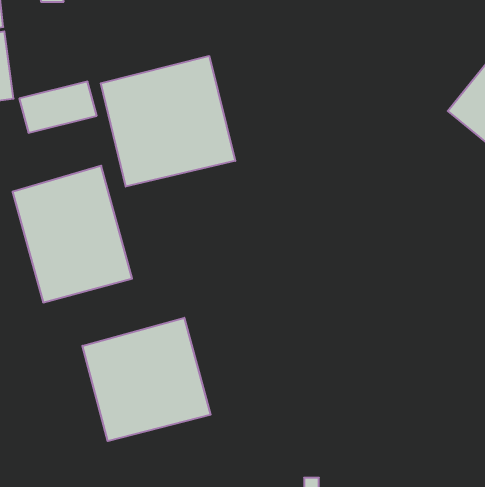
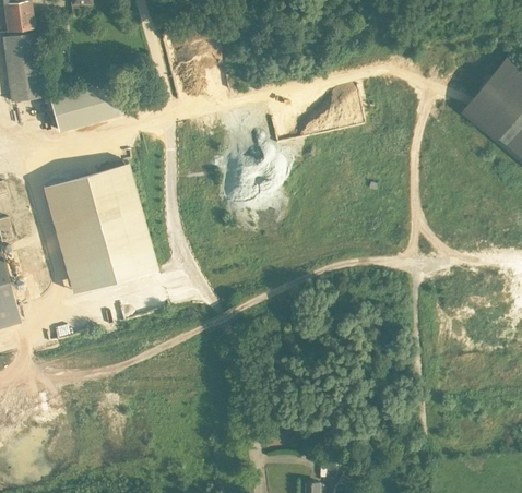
building: [101,56,235,187] -> none
building: [82,318,211,441] -> none

